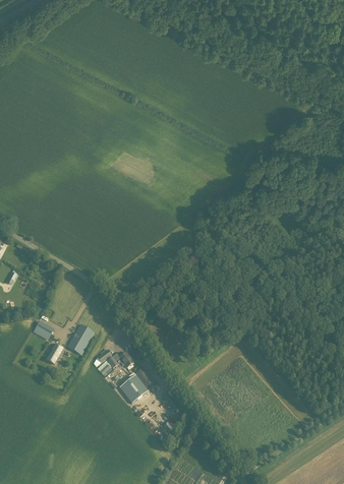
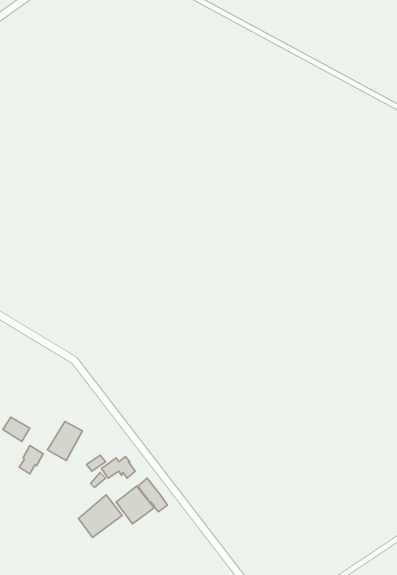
building: none -> [78,495,122,538]

